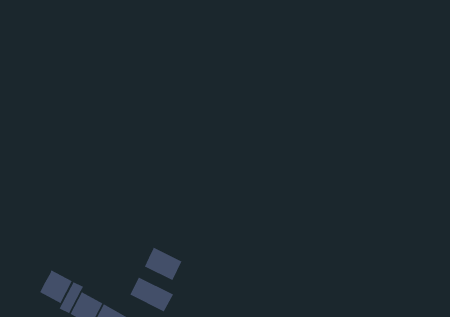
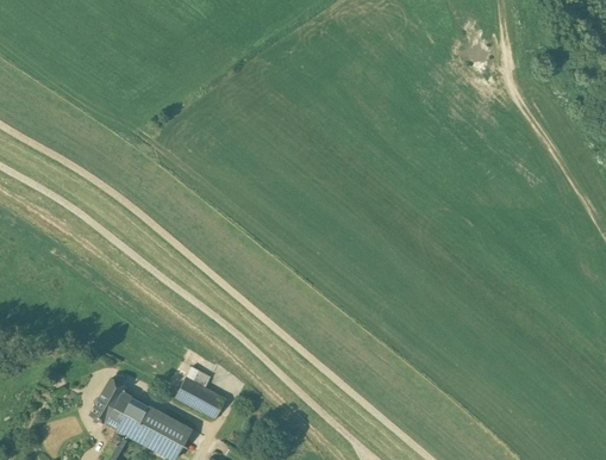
building: [144,247,182,281] -> none
building: [39,269,73,304] -> none

